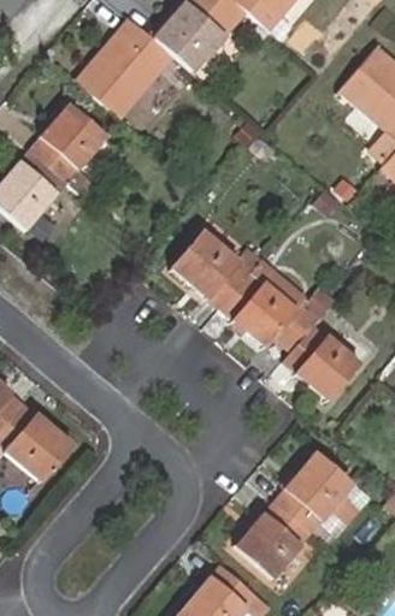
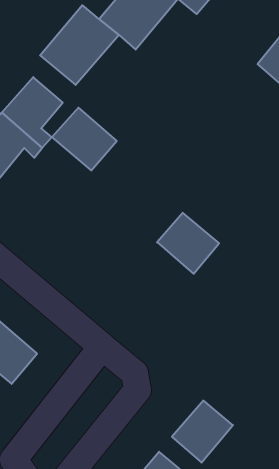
building: [171,231,250,308] -> [52,108,117,170]
building: [282,324,359,398] -> none
building: [276,454,352,532] -> none

